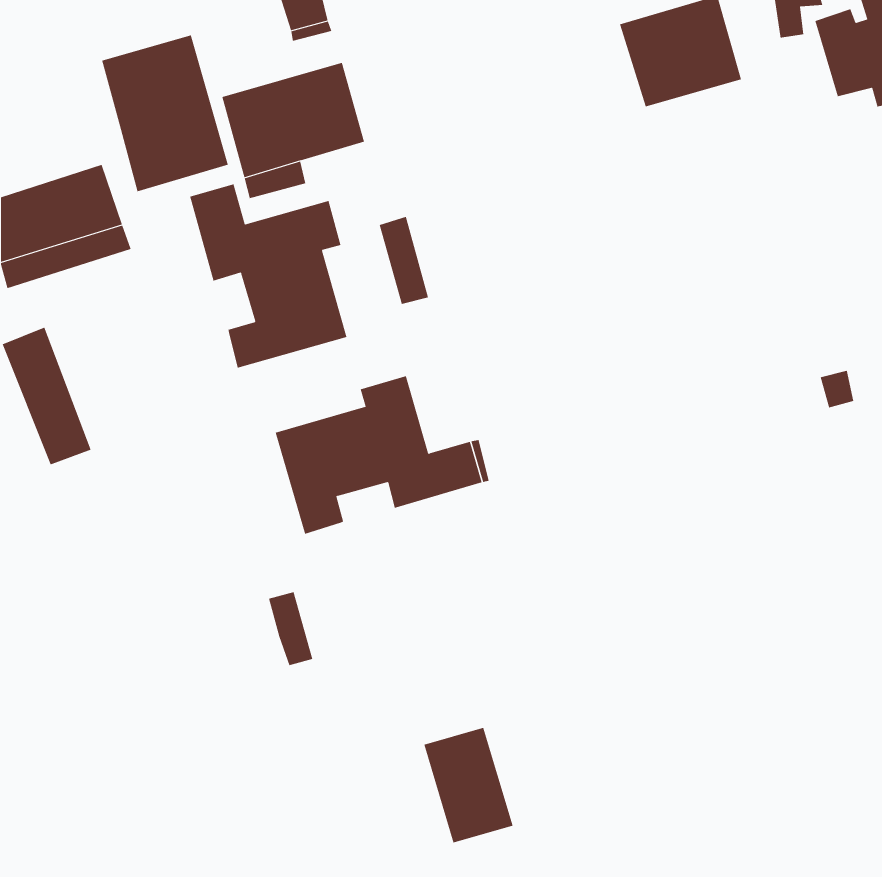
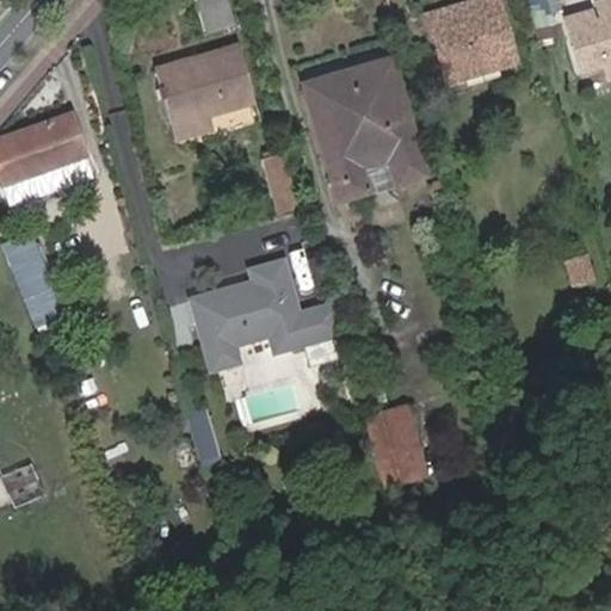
building: [101,34,228,192] -> none
building: none -> [303,57,424,198]
building: [189,184,347,368] -> none
building: [423,727,513,843] -> [363,405,425,485]

